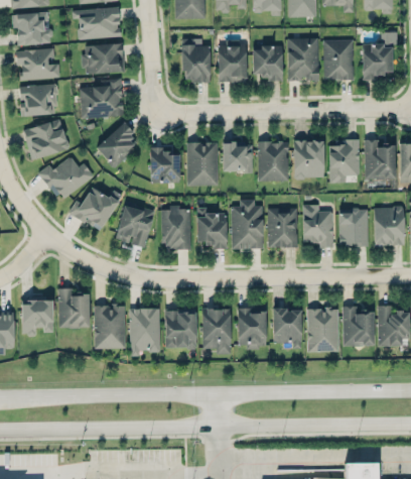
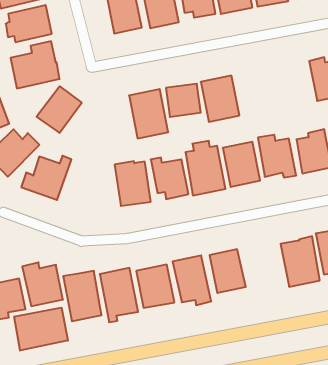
building: [329,139,360,183] -> none
building: [294,140,324,178] -> none
building: [150,148,180,183] -> none
building: [118,204,154,247] -> none
building: [273,309,302,349] -> none
building: none -> [14,308,68,351]

